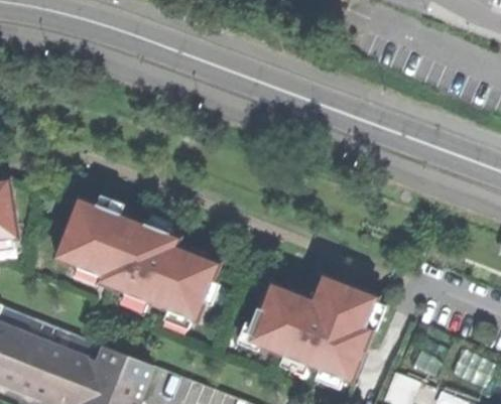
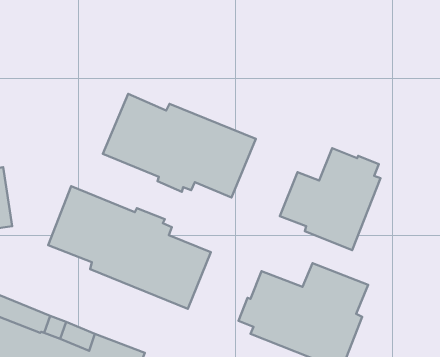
building: none -> [103,94,256,197]
building: none -> [280,148,381,250]

